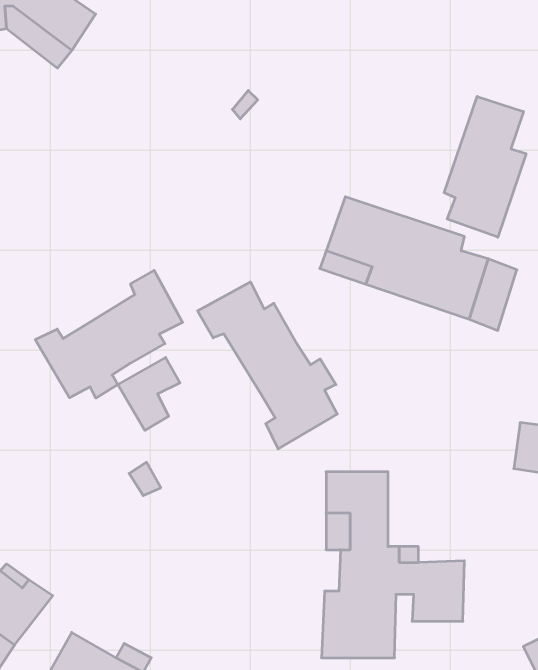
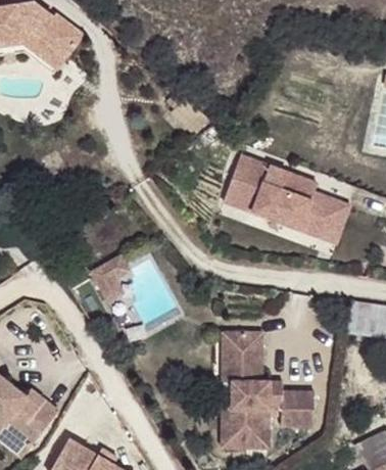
building: [444,96,526,237] -> none
building: [35,270,183,398] -> none
building: [198,282,337,449] -> none

